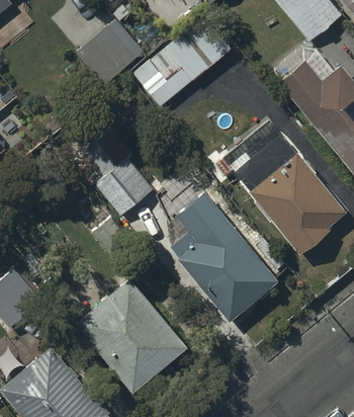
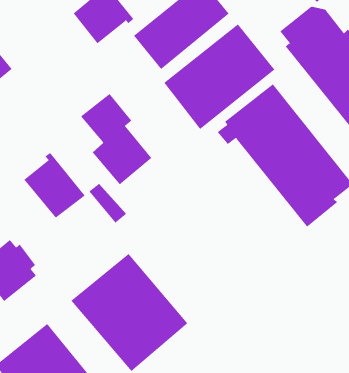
building: none -> [163,23,275,130]
building: none -> [24,152,85,219]
building: [166,192,278,324] -> none

